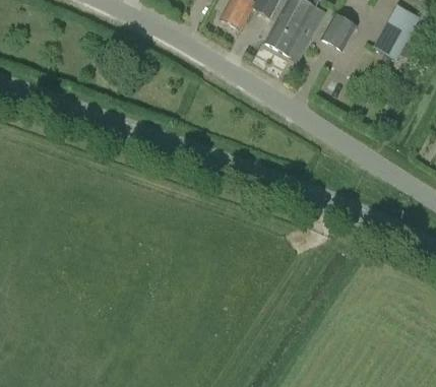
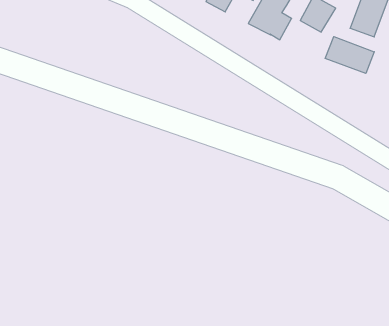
building: none -> [325,37,374,73]

